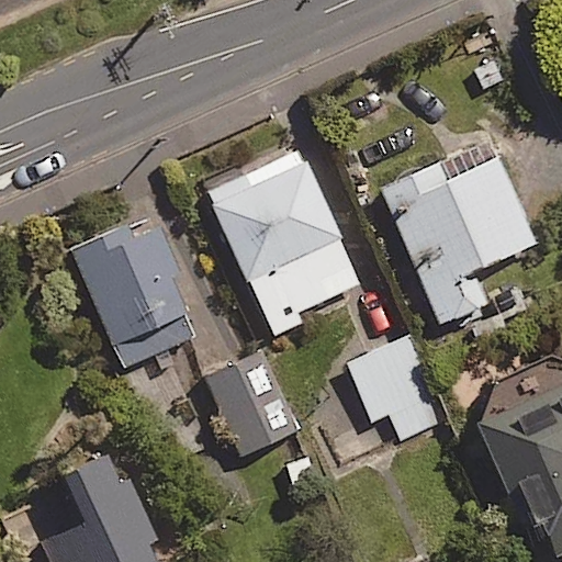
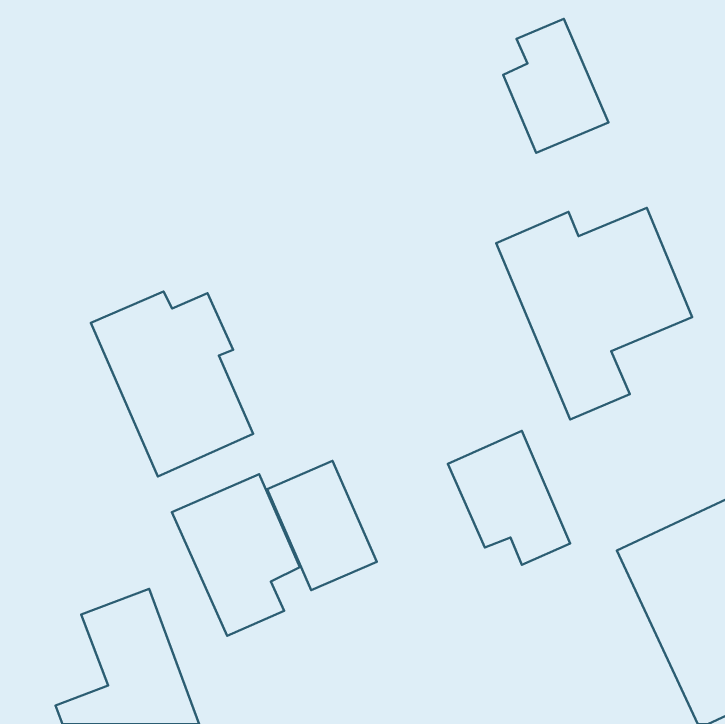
building: none -> [503,19,608,153]
building: [209,151,359,324] -> none
building: none -> [172,474,300,636]

